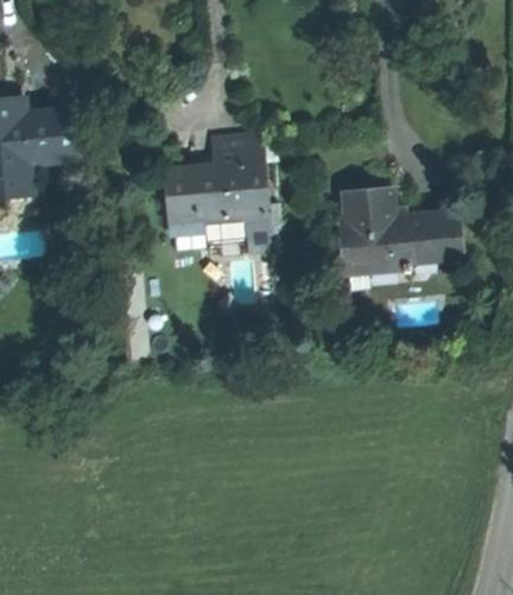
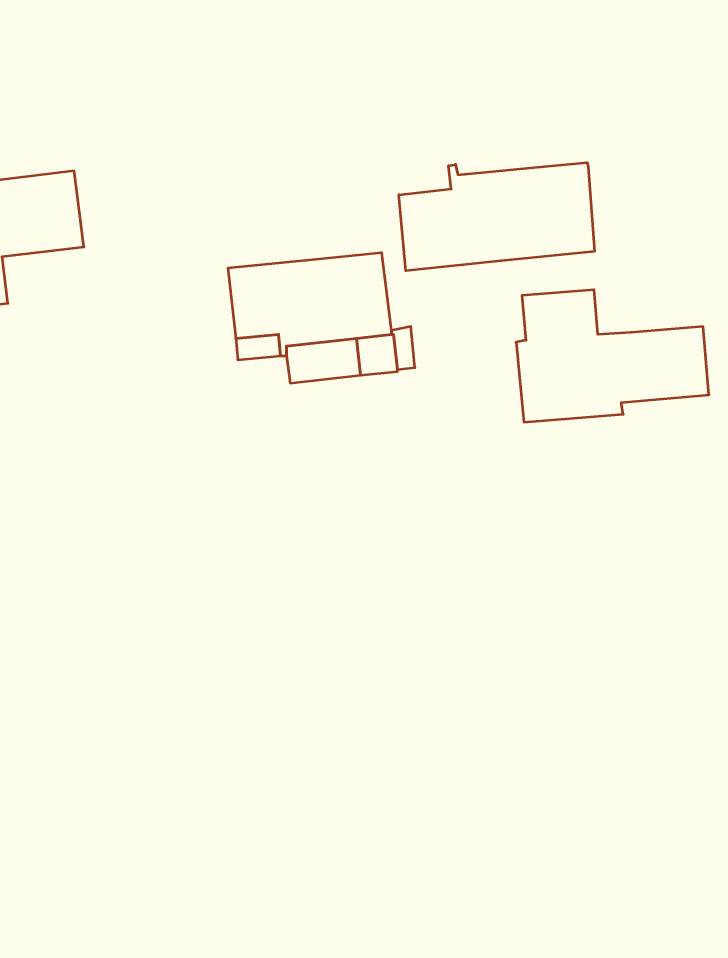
building: none -> [399,163,594,271]
building: [210,134,260,169] -> none

